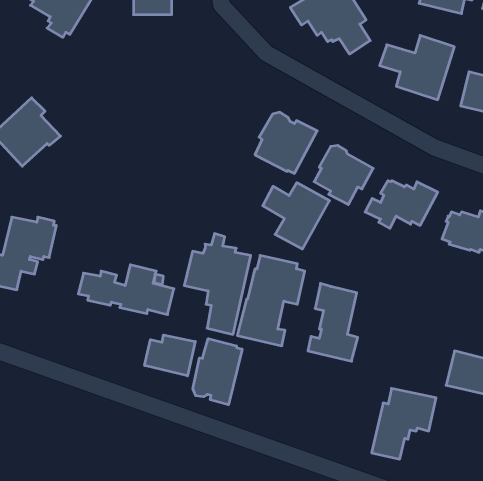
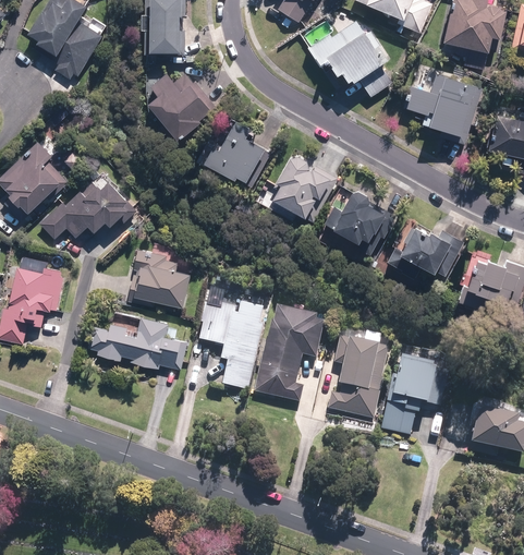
building: none -> [147,72,214,141]
building: none -> [205,117,269,185]
building: none -> [39,180,136,238]
building: [263,183,330,249] -> none
building: none -> [127,248,190,309]
building: [145,335,195,376] -> none
building: [193,339,242,405] -> none
building: [372,388,436,459] -> [380,361,448,435]

